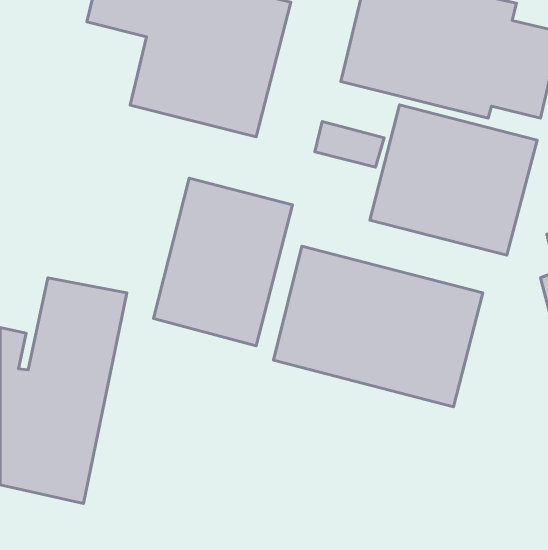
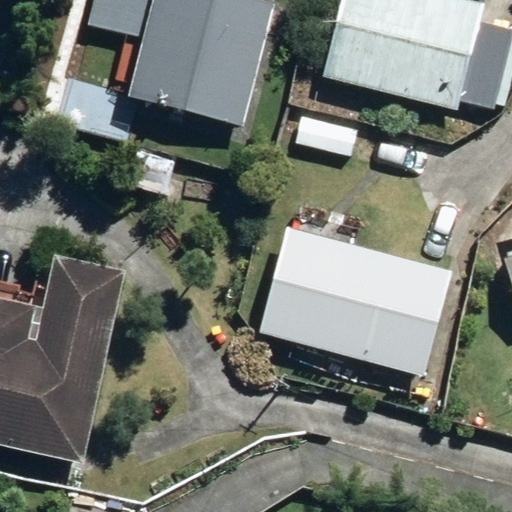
building: [370,105,537,255] -> none
building: [153,178,292,346] -> none

